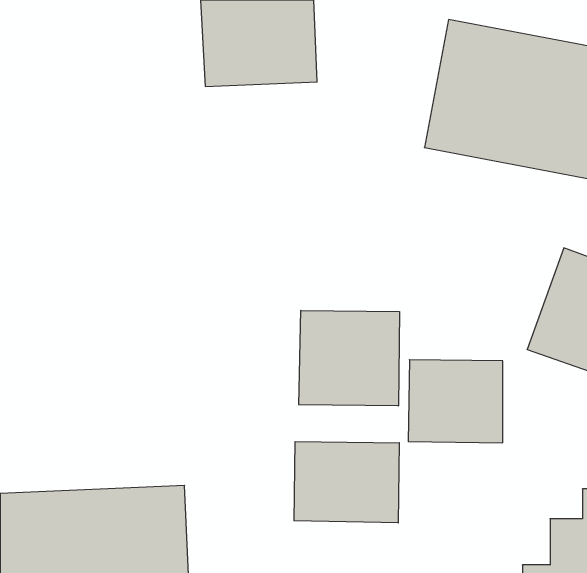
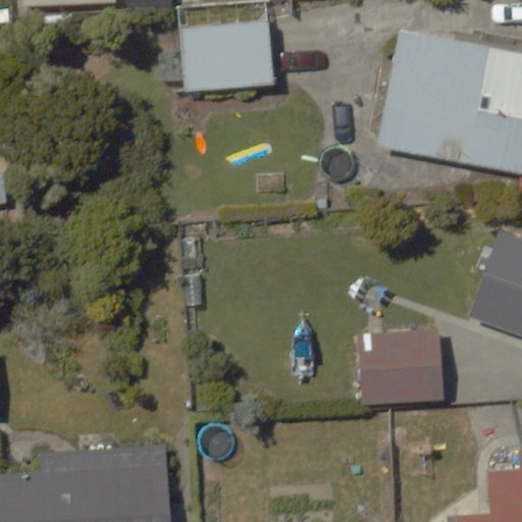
building: [299,310,399,406] -> none
building: [294,442,399,523] -> none

